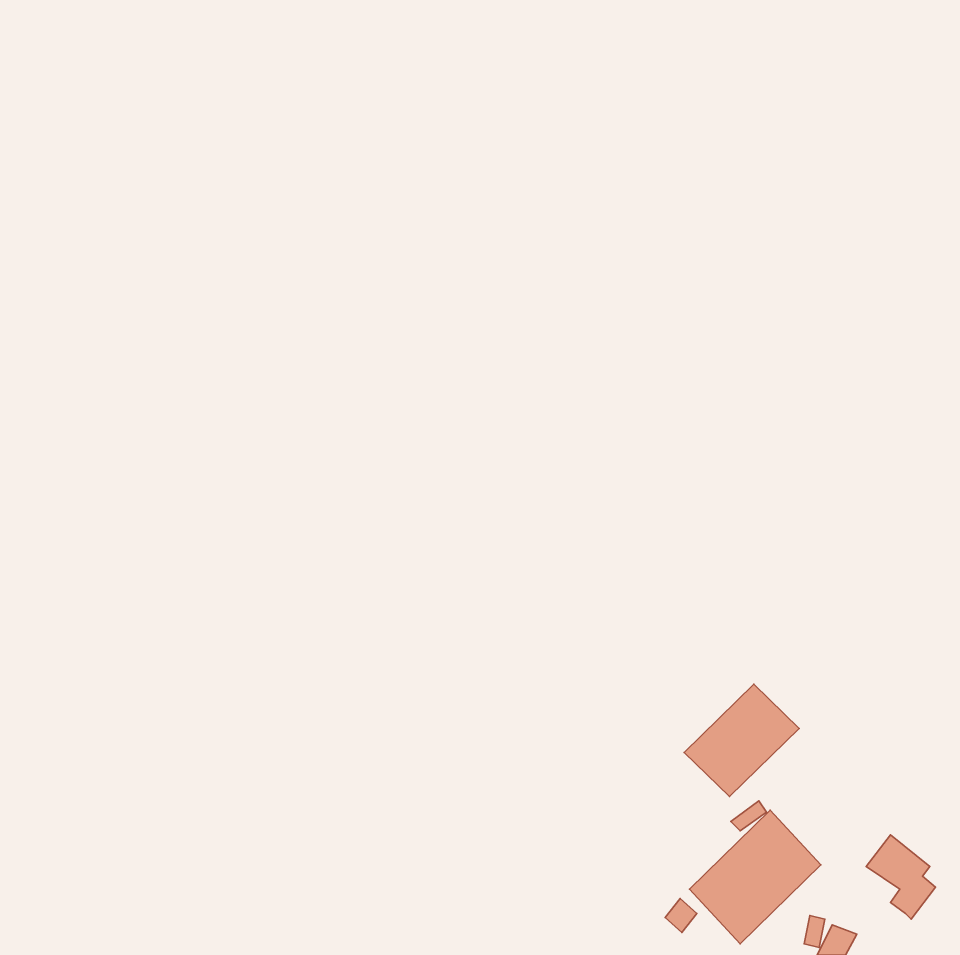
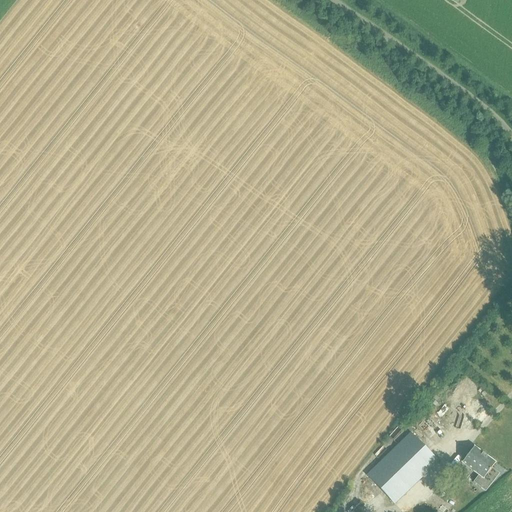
building: [684,684,799,796] -> none

